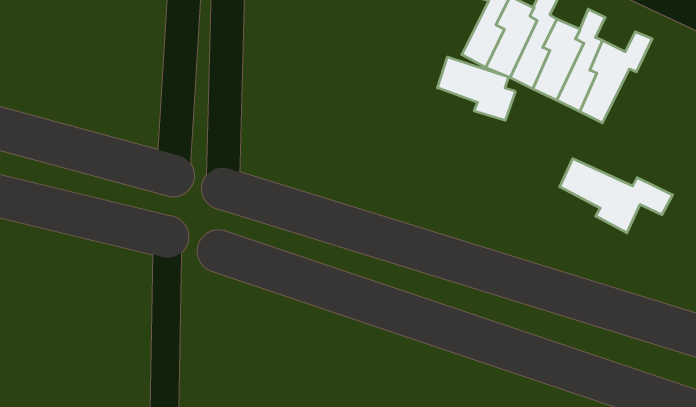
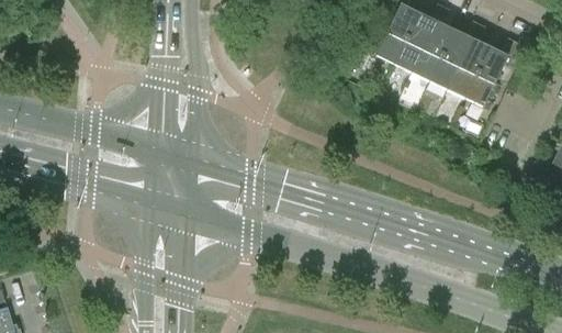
building: [437,57,515,120] -> none
building: [560,159,673,233] -> none

